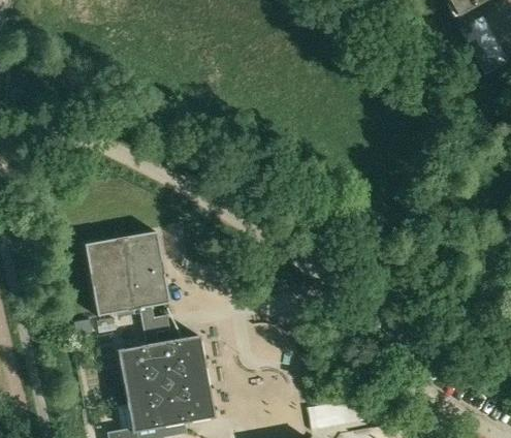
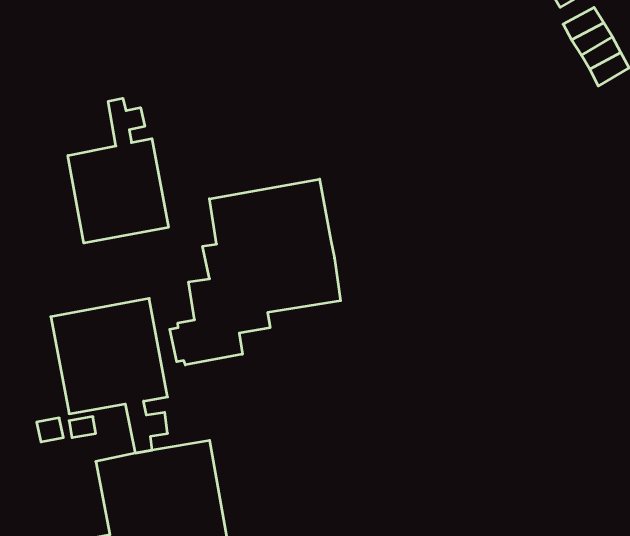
building: none -> [68,98,168,243]
building: none -> [170,179,341,365]

